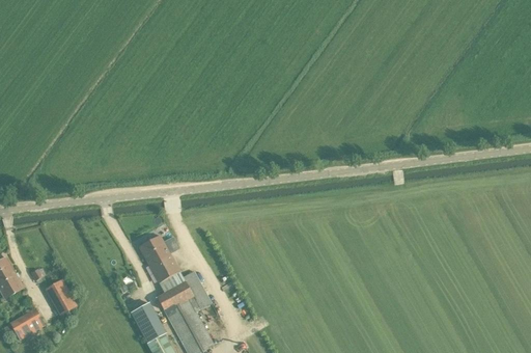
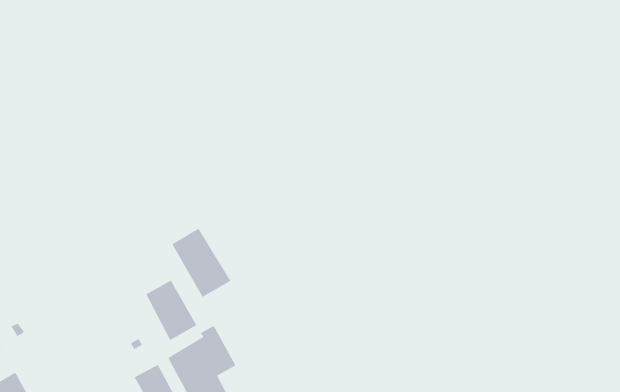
building: none -> [172,228,231,298]
building: [44,277,77,315] -> none

